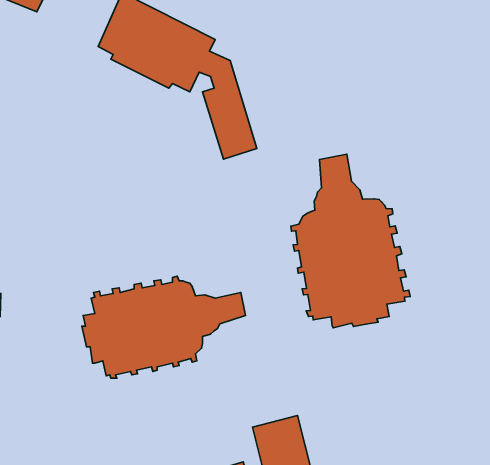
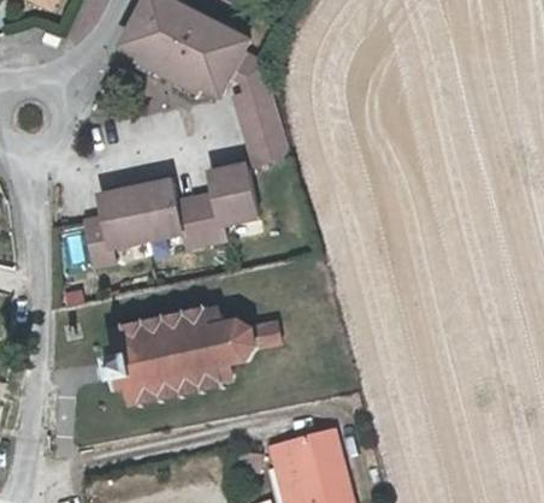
building: [291,154,410,328] -> none
building: none -> [87,166,258,268]

